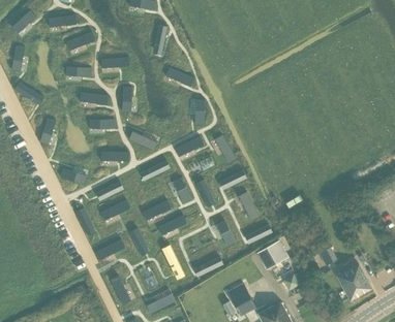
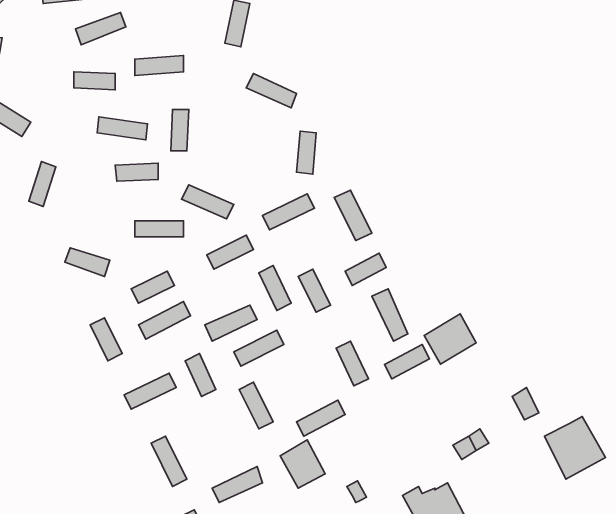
building: [257,240,287,269] -> [424,314,476,364]
building: [231,288,256,316] -> [280,440,325,488]

